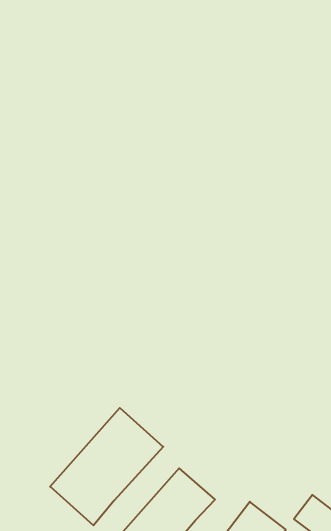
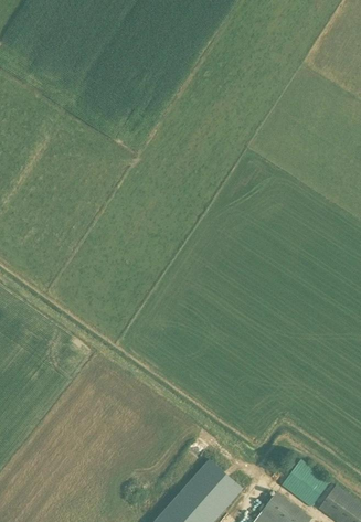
building: [50,408,163,525] -> none
building: none -> [280,459,329,507]

